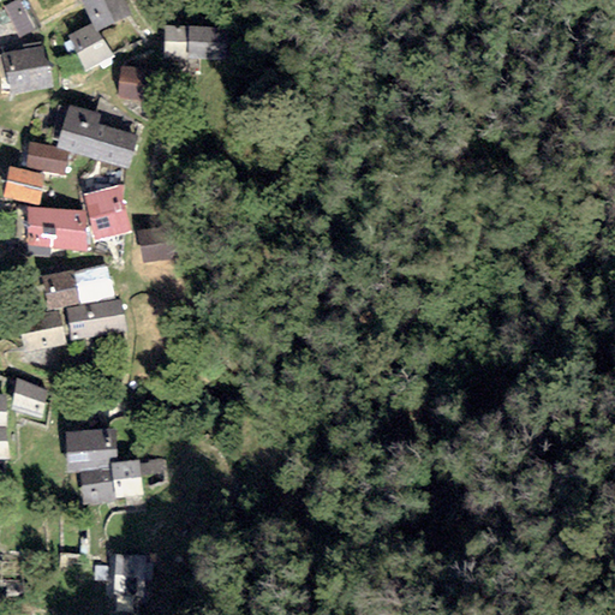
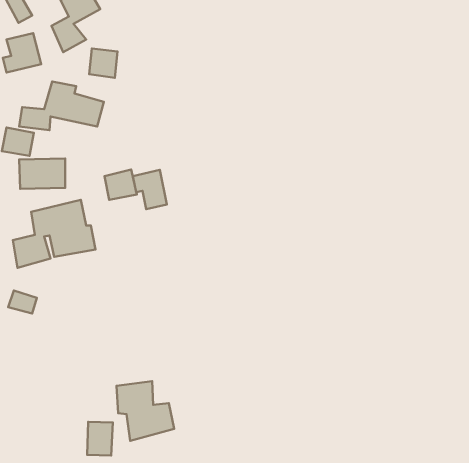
building: [163,24,228,56] -> none
building: [83,185,130,240] -> none
building: none -> [133,170,167,209]
building: [67,429,143,507] -> [116,381,174,441]

